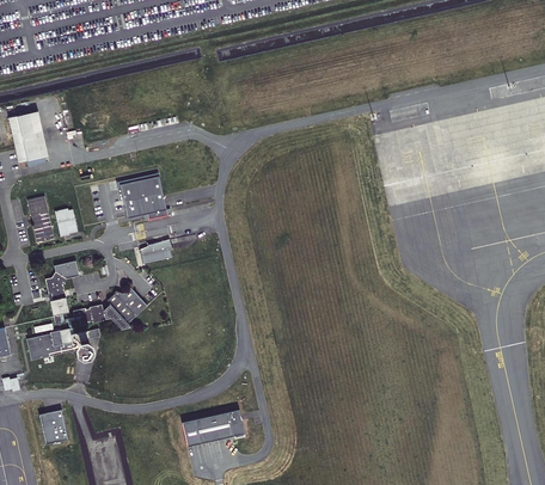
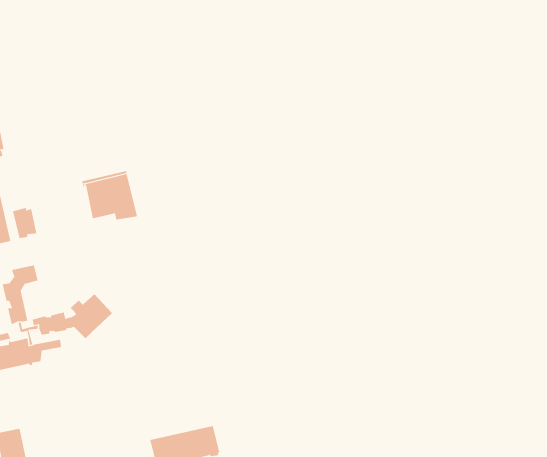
building: [140,239,172,263] -> none

